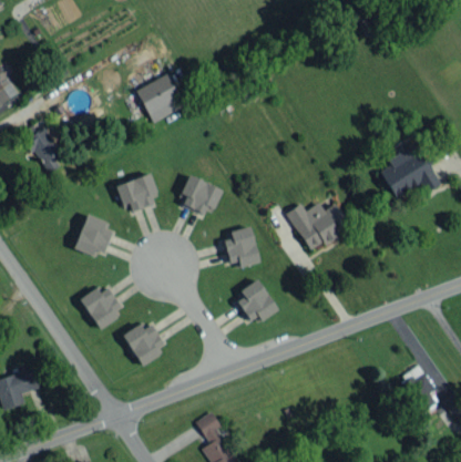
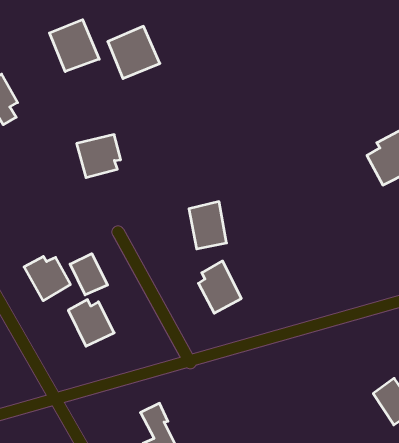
building: none -> [49,20,99,72]
building: [176,175,222,215] -> none
building: [286,202,348,251] -> none
building: [75,214,112,257] -> none
building: none -> [70,254,108,295]

